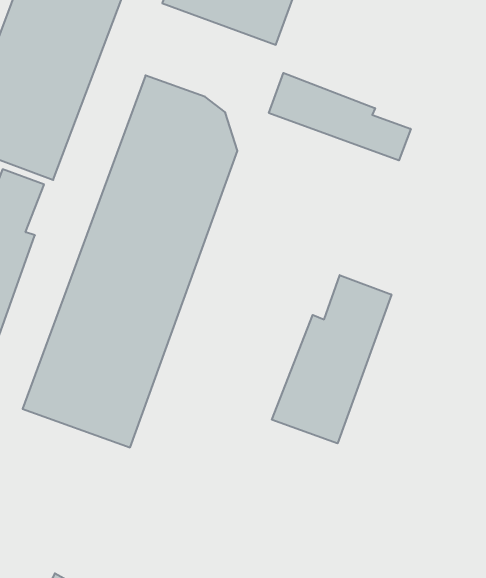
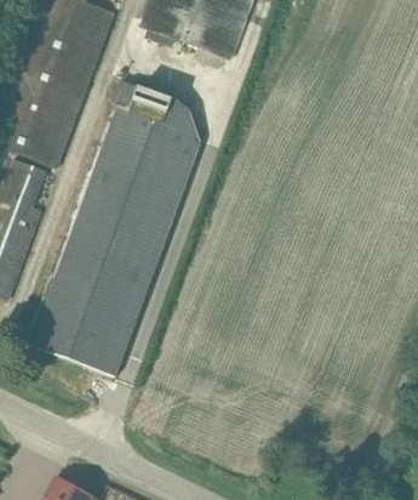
building: [269,73,411,160] -> none
building: [272,275,391,443] -> none

